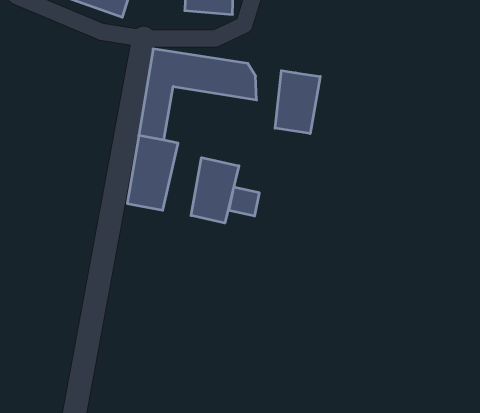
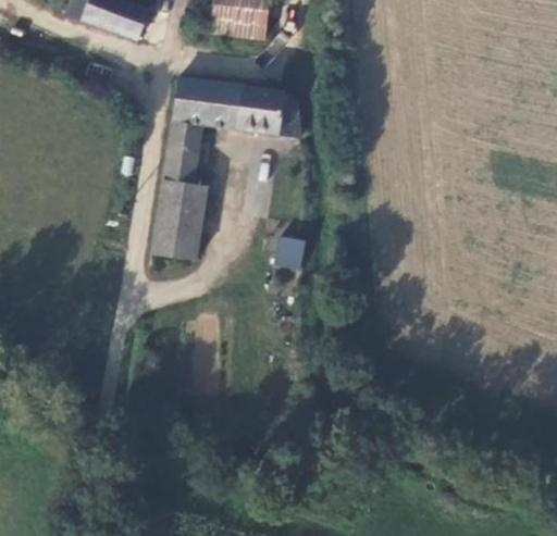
building: [275,71,320,134] -> none
building: [191,158,239,223] -> none

